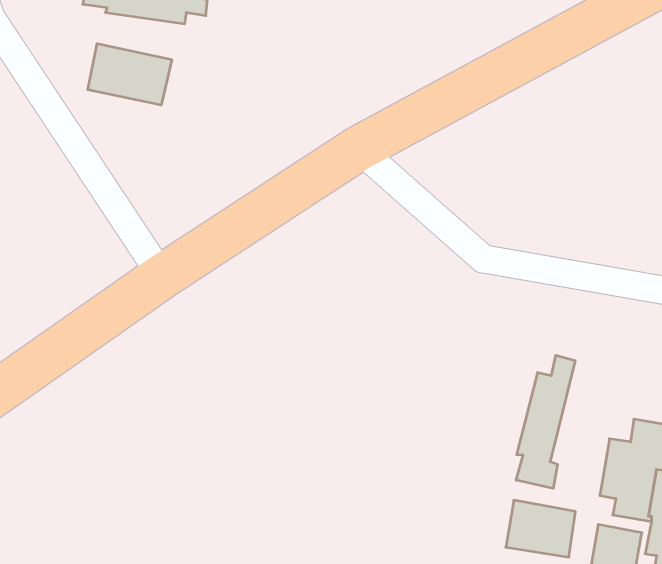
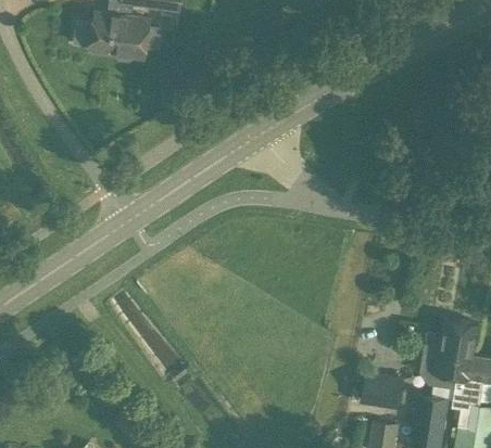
building: [88,44,172,105] -> none
building: [516,355,575,488] -> none

